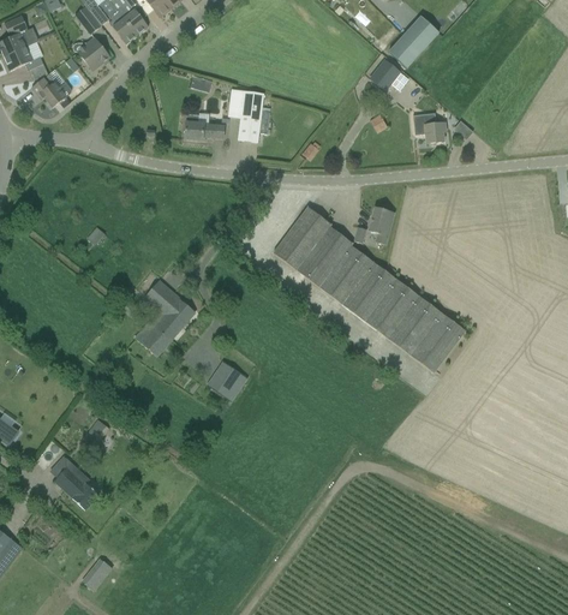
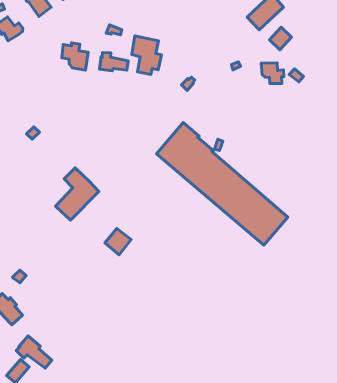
building: [367,58,399,90] -> [269,27,292,50]
building: none -> [62,43,88,70]
building: [367,207,391,244] -> none
building: none -> [16,336,52,368]

